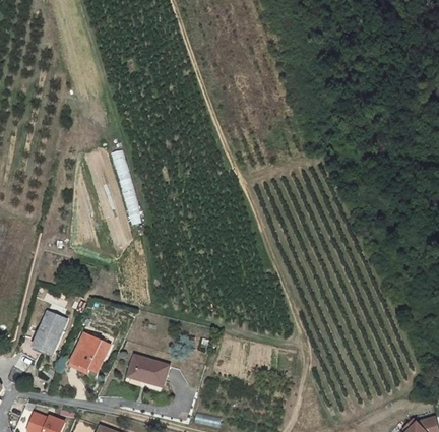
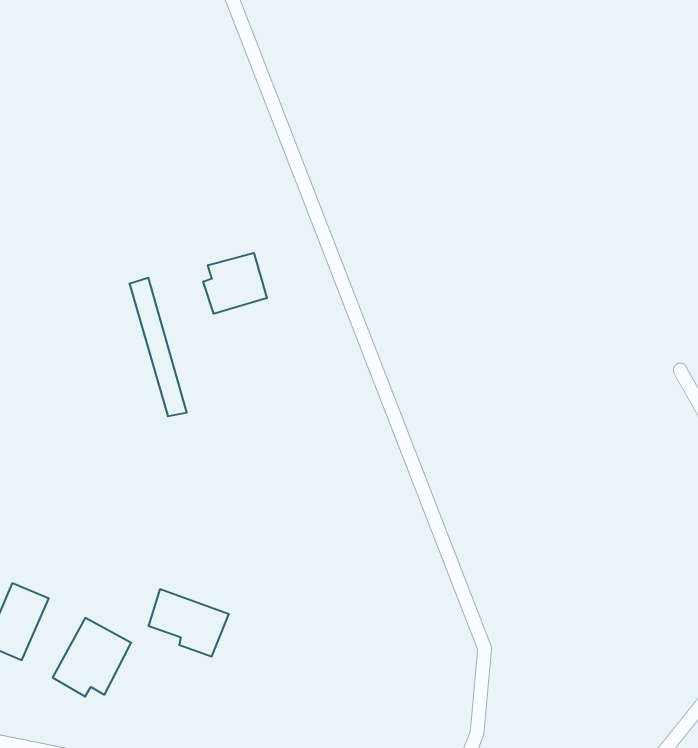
building: none -> [203,253,267,314]
building: [122,358,165,393] -> [148,589,229,656]

